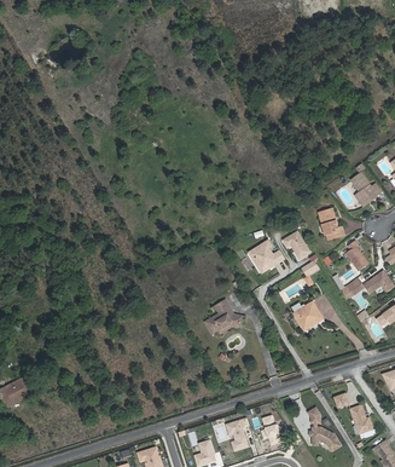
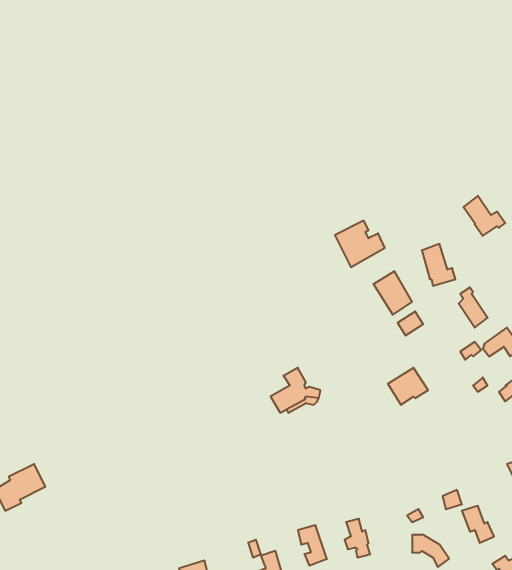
building: [248,238,285,273] -> [335,221,385,267]

